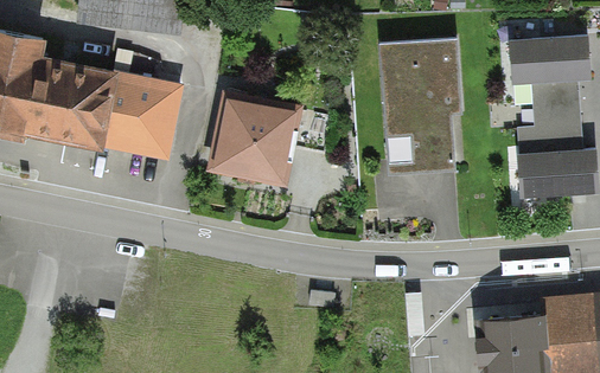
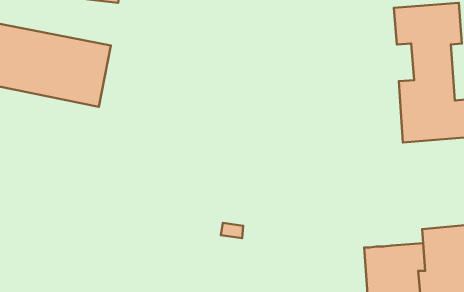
building: [381,39,462,175] -> none
building: [210,96,331,188] -> none

